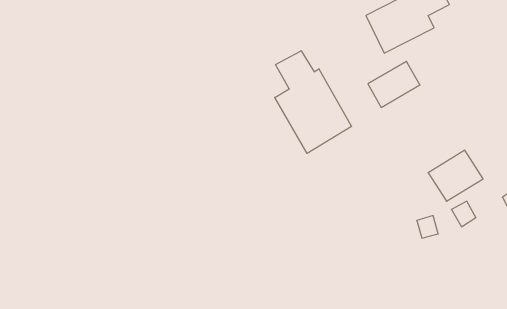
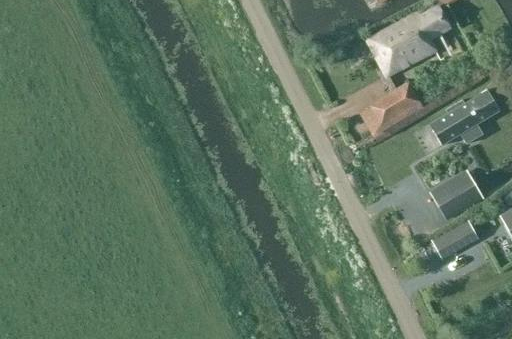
building: [275,51,352,153] -> none
building: none -> [429,89,500,146]

